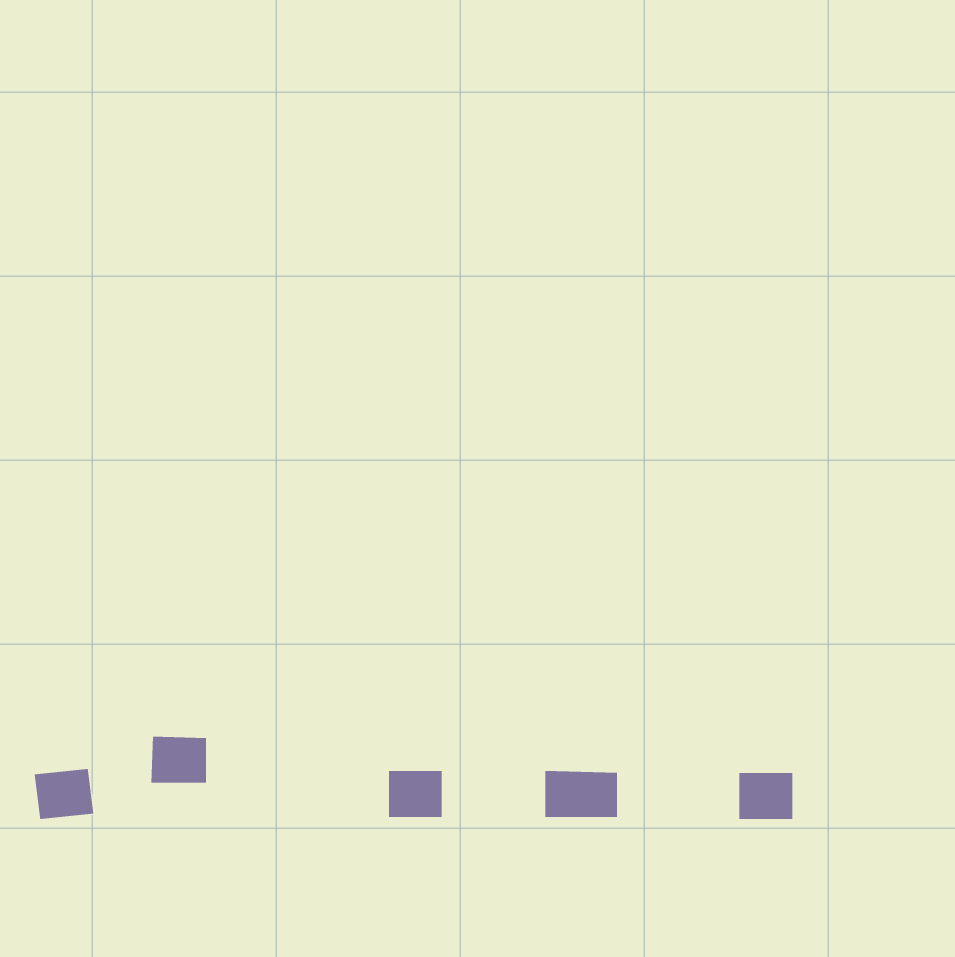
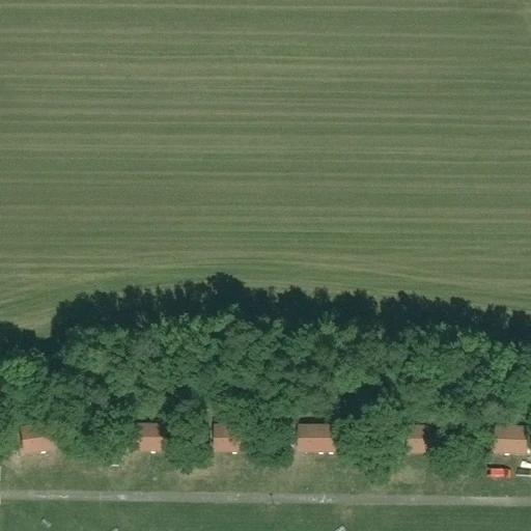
building: [150,736,207,783] -> [132,423,163,449]
building: none -> [491,425,522,452]

